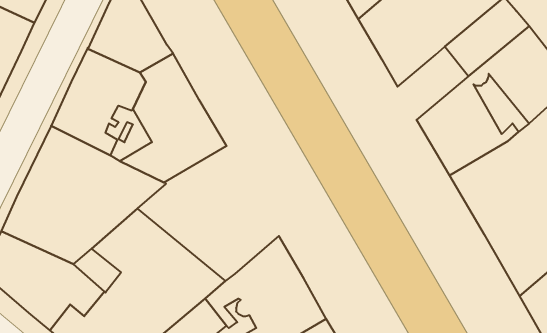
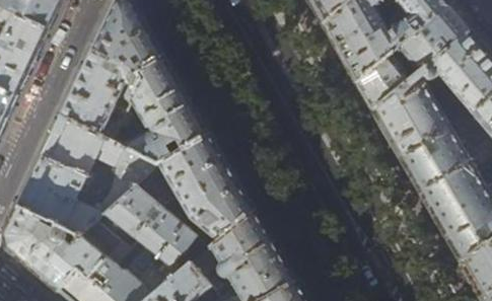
building: none -> [357,55,411,110]
building: none -> [143,133,256,242]

